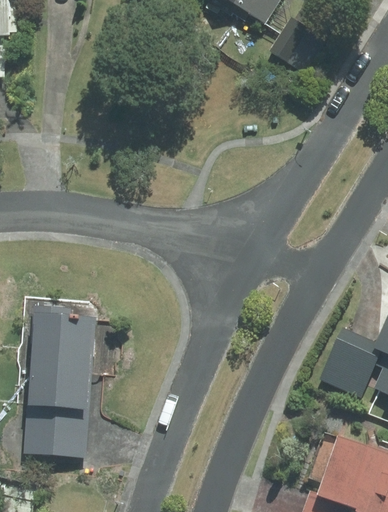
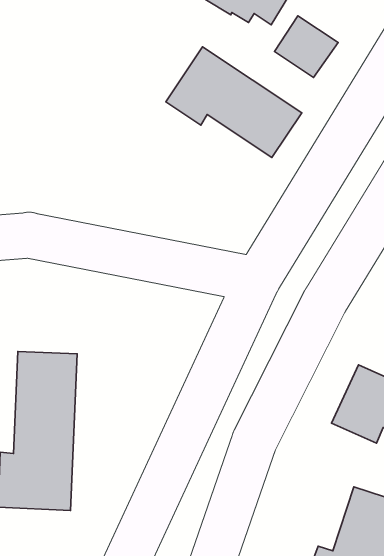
building: none -> [166,47,302,158]

